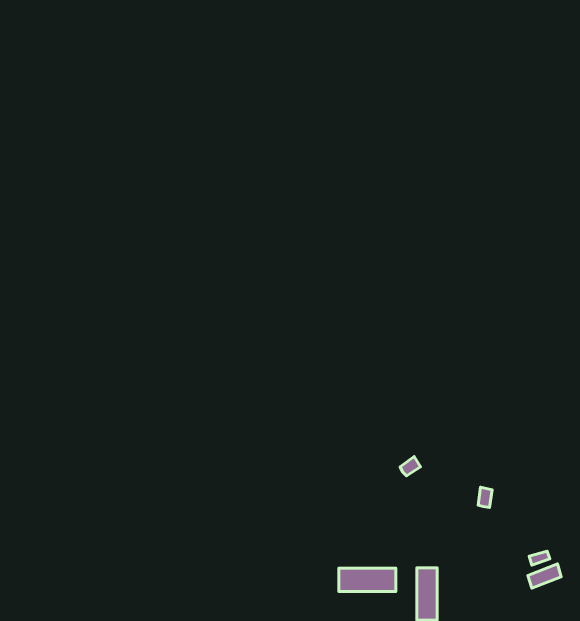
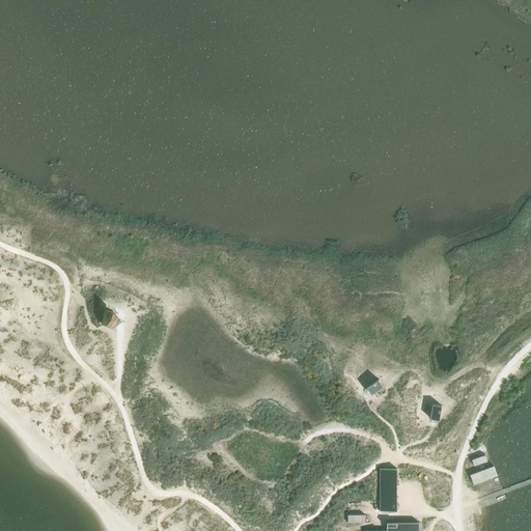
building: [339,568,396,592] -> none

